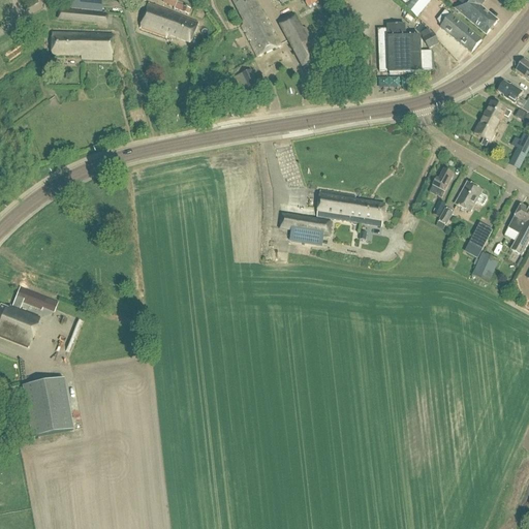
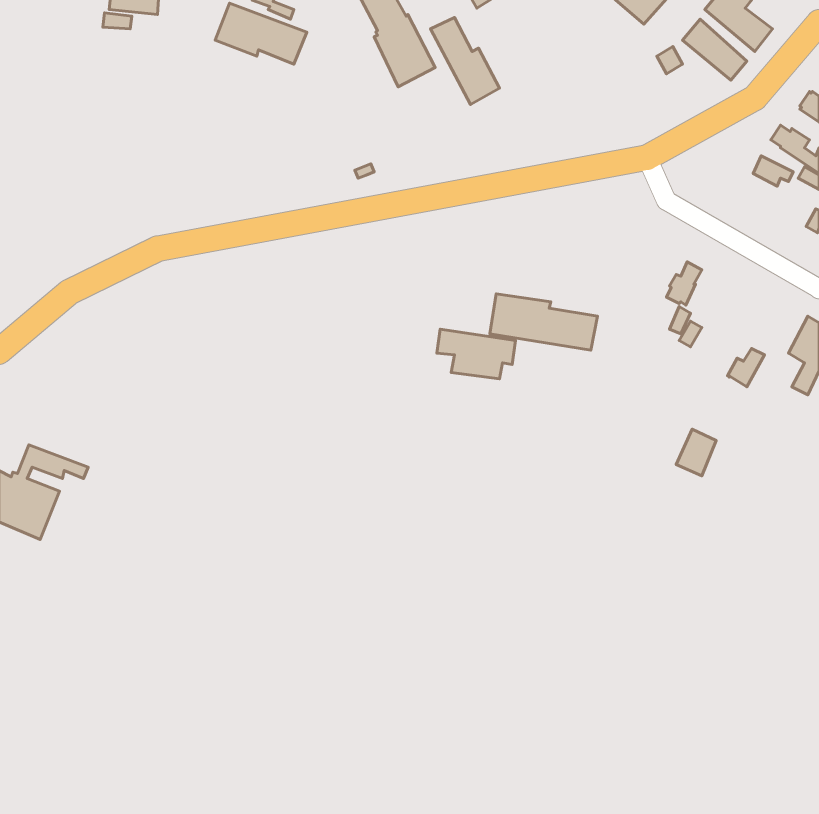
building: [377,24,431,74] -> none
building: [52,31,112,58] -> none
building: [473,112,500,141] -> none
building: [454,181,486,211] -> none
building: [472,251,498,281] -> [676,429,716,476]
building: [20,376,71,436] -> none

